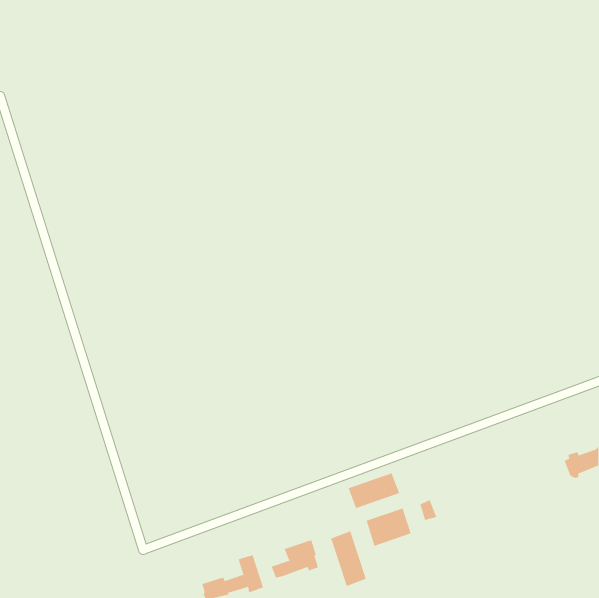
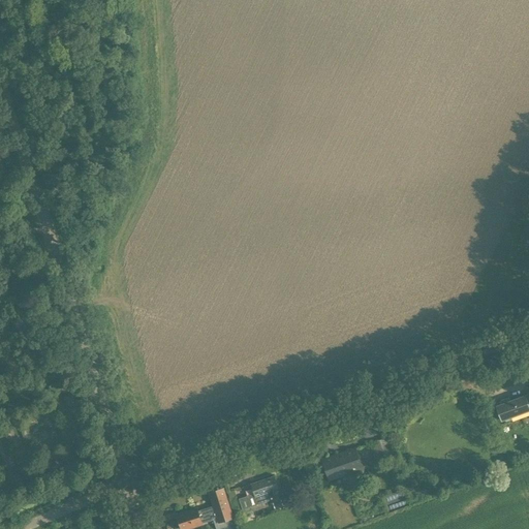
building: [348,473,400,509] -> none
building: [330,531,367,587] -> none

